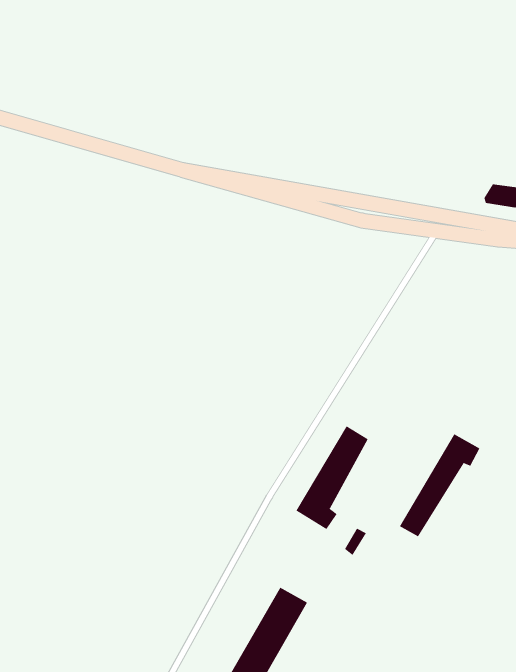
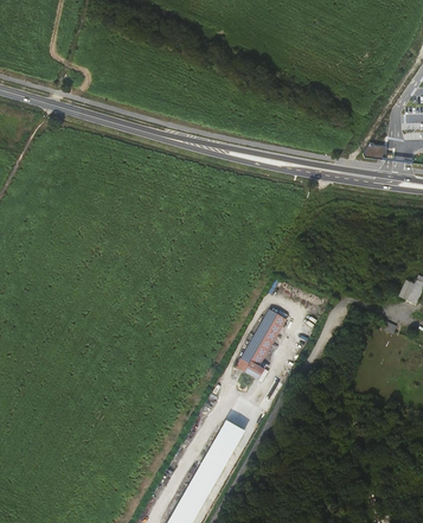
building: [399,434,480,537] -> none

